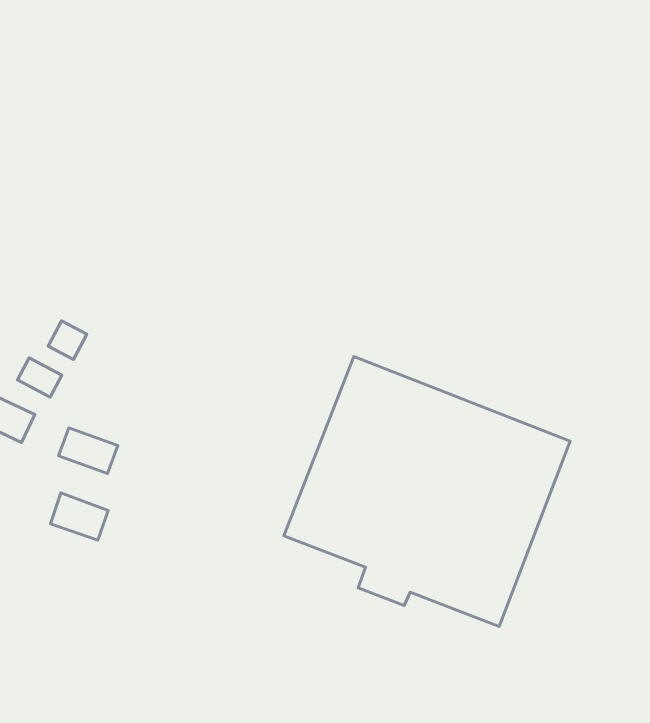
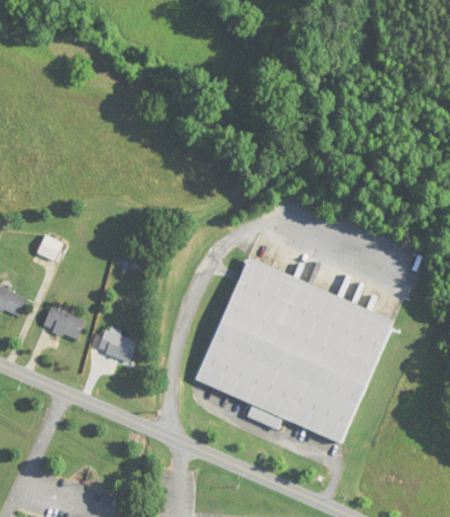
building: [18,358,62,397] -> none
building: [50,493,108,540] -> [98,328,137,360]

